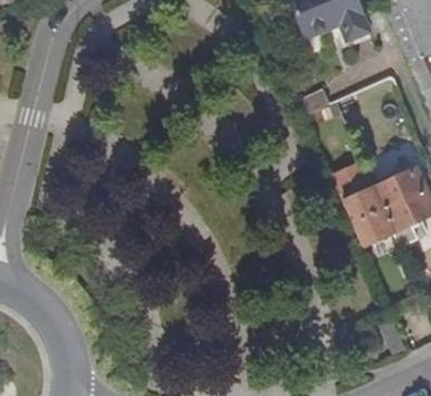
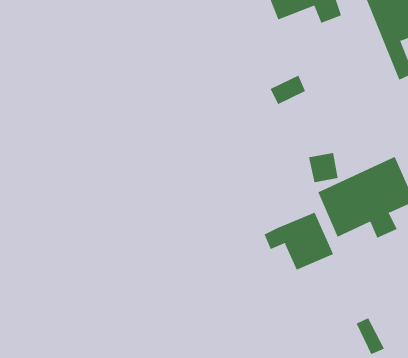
building: none -> [264,212,334,271]

